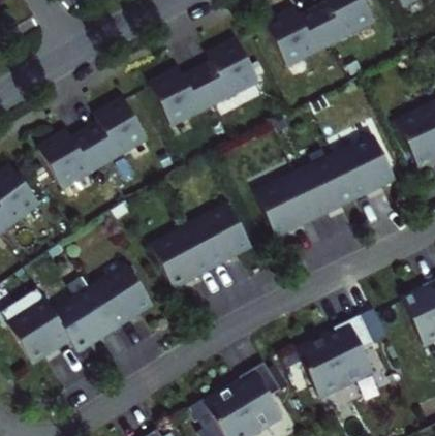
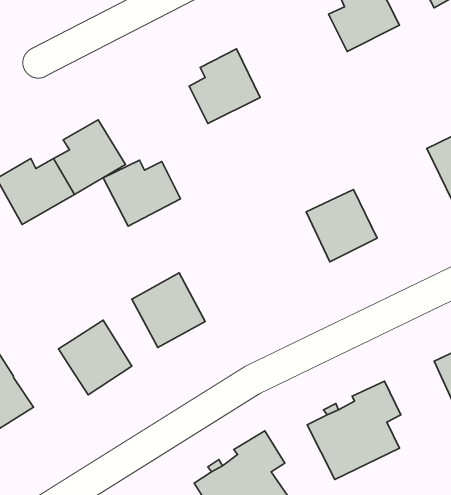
building: [268,11,332,66] -> none
building: [152,71,216,126] -> [103,160,181,226]
building: [337,138,397,198] -> none
building: [257,177,317,237] -> none
building: [192,207,253,268] -> none
building: [55,290,117,352] -> none

